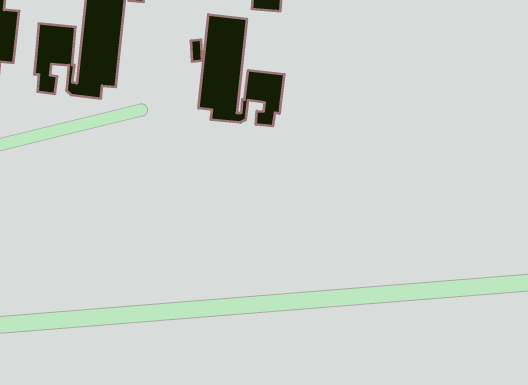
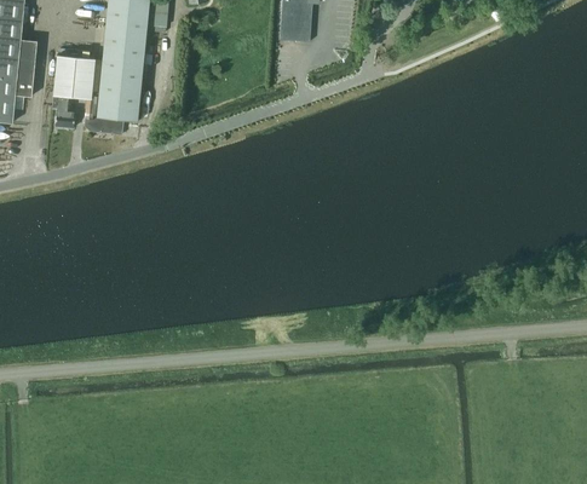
building: [199,14,284,126] -> none

